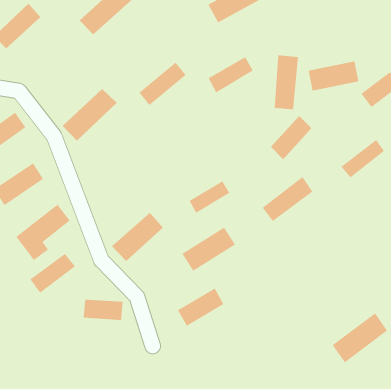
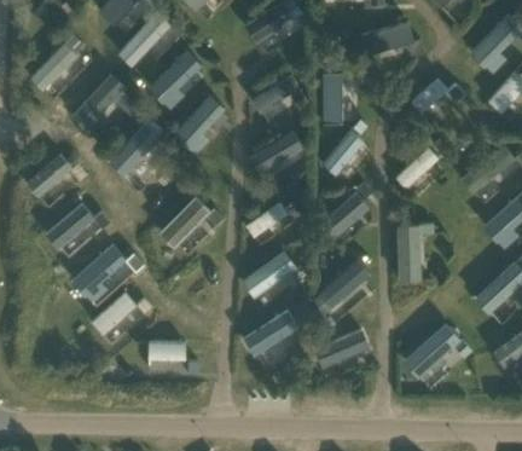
building: none -> [150,53,203,111]
building: none -> [72,76,126,133]
building: [308,61,359,91] -> [361,23,414,58]
building: none -> [250,132,304,178]
building: [111,212,164,262] -> [158,197,210,250]
building: none -> [395,227,420,285]
building: none -> [314,261,372,316]
building: none -> [315,331,371,370]

